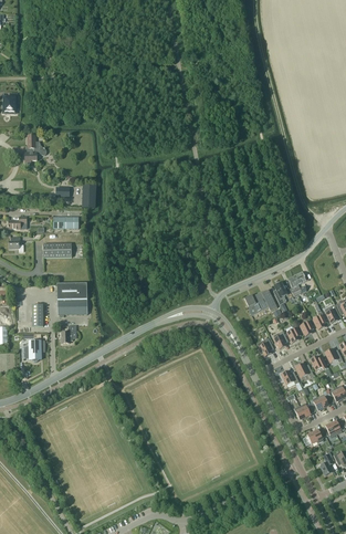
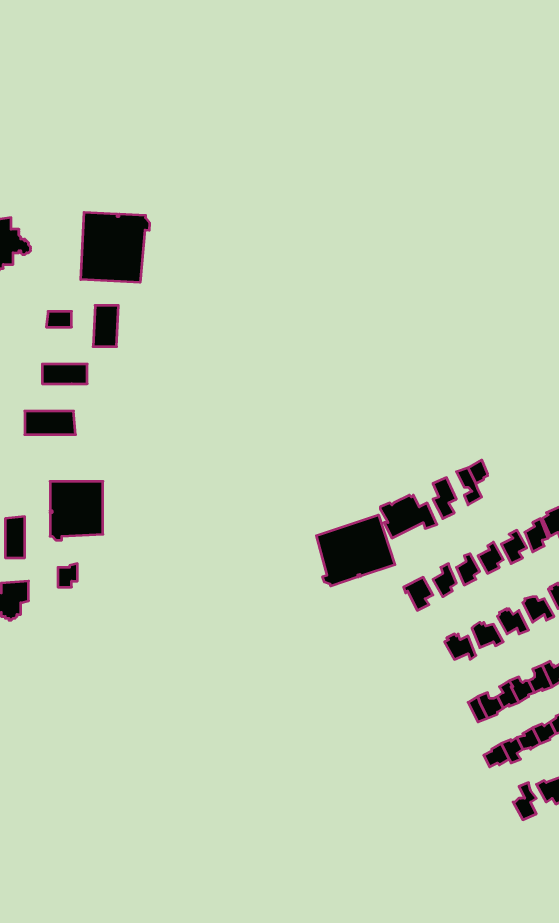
building: none -> [81,212,150,282]
building: none -> [316,515,395,586]

